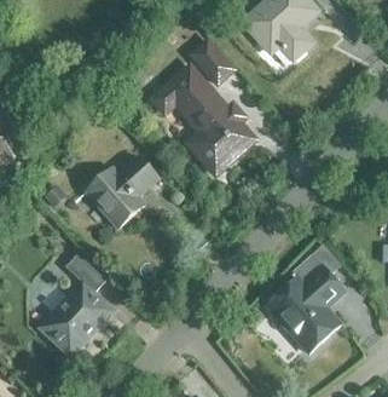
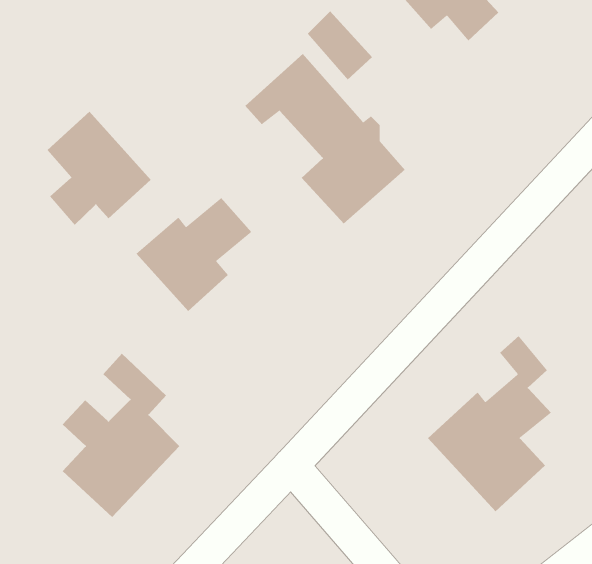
building: none -> [47,111,151,226]

